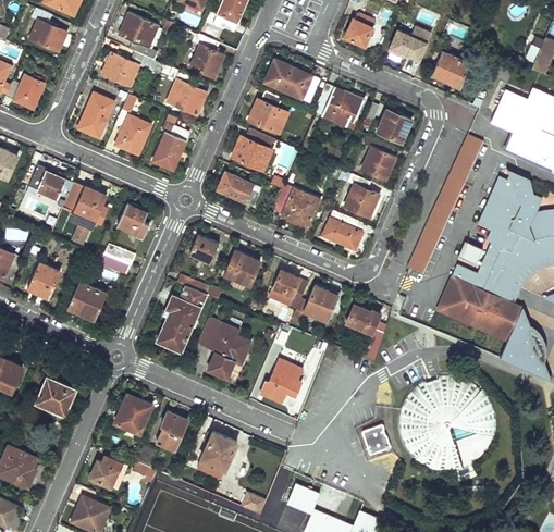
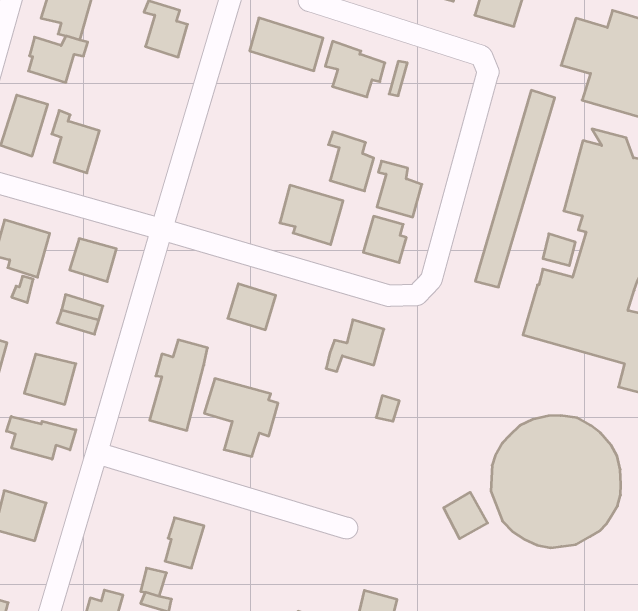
building: [165,73,206,117] -> none
building: [248,91,290,134] -> none
building: [377,110,411,144] -> none
building: [150,124,188,171] -> none
building: [232,127,273,171] -> none
building: [361,136,395,182] -> [328,132,374,191]
building: [218,172,258,206] -> none
building: [189,233,219,262] -> none
building: [269,271,307,308] -> none
building: [347,306,385,360] -> none
building: none -> [6,416,76,459]
building: [262,356,304,400] -> none
building: [113,394,152,435] -> none
building: [197,432,237,474] -> none

